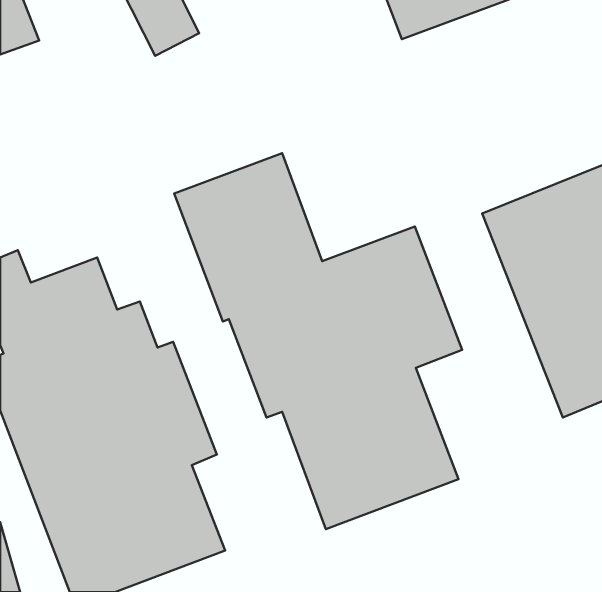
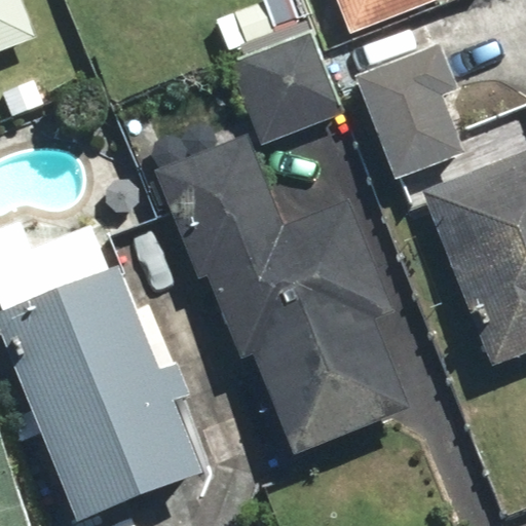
building: none -> [228,32,343,142]
building: none -> [351,34,465,178]

